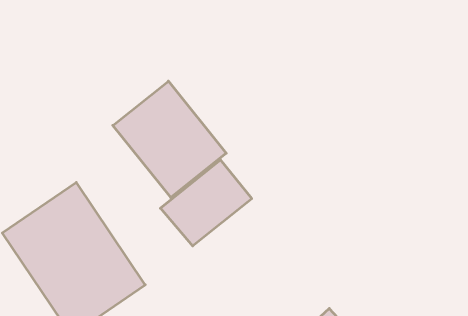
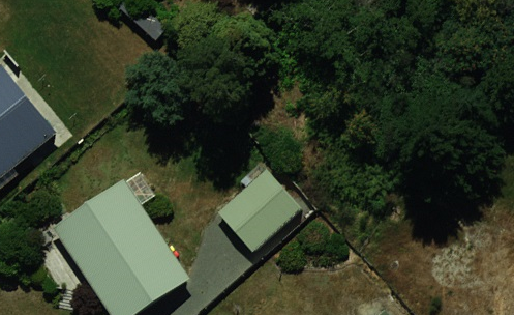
building: [113,81,226,198] -> none

